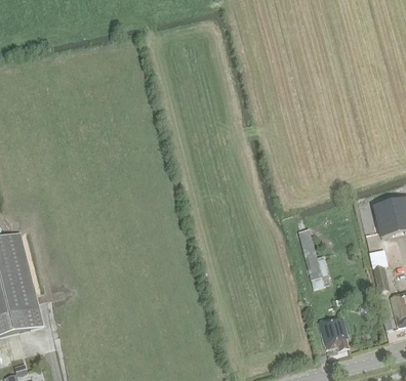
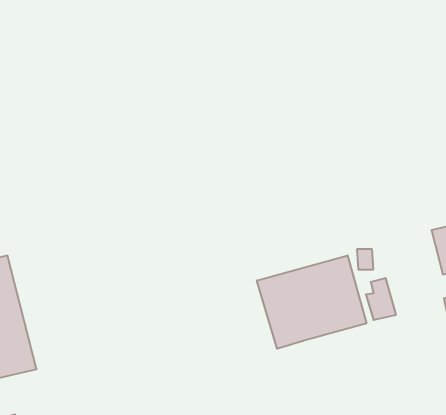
building: none -> [257,255,366,349]
building: [318,314,348,349] -> none

